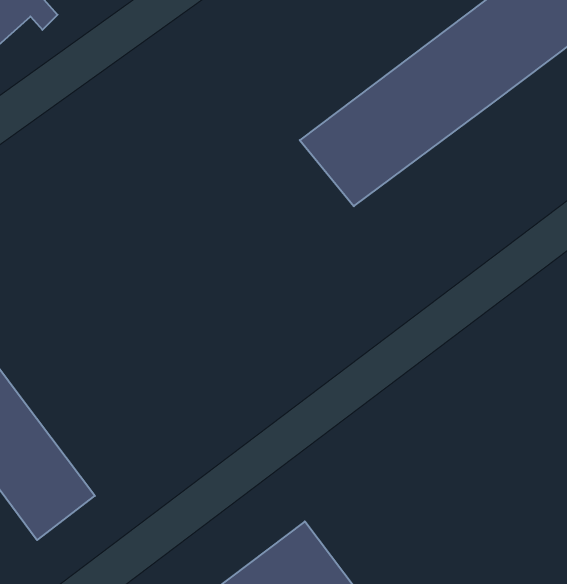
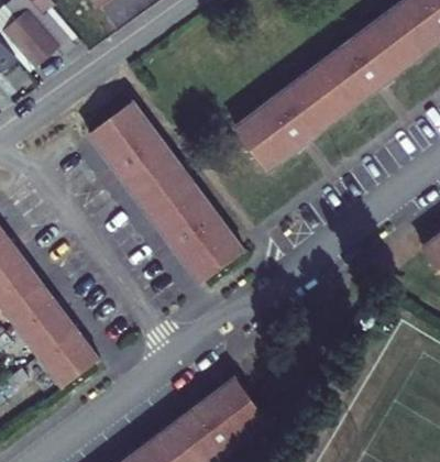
building: none -> [88,102,242,284]

